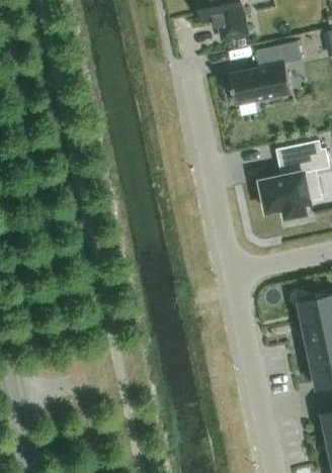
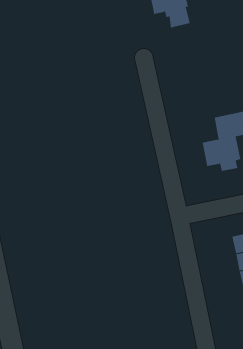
building: [230,41,301,105] -> none

